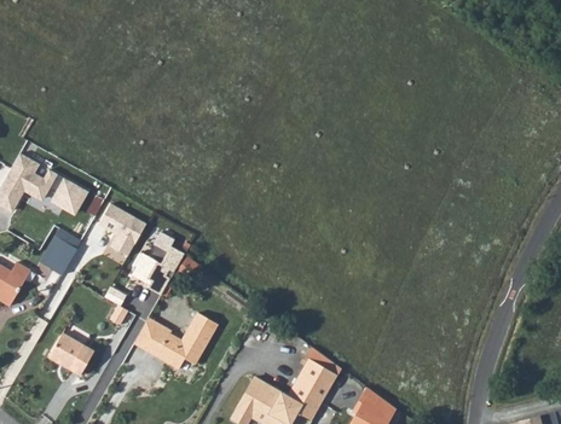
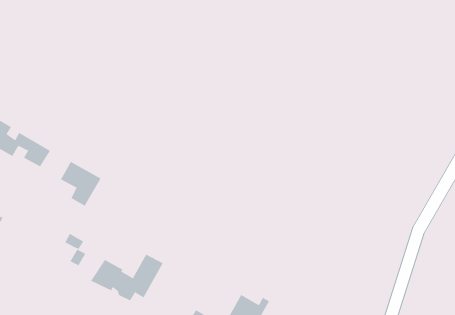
building: [46,227,82,274] -> none
building: [129,232,184,296] -> none
building: [48,333,93,374] -> none

